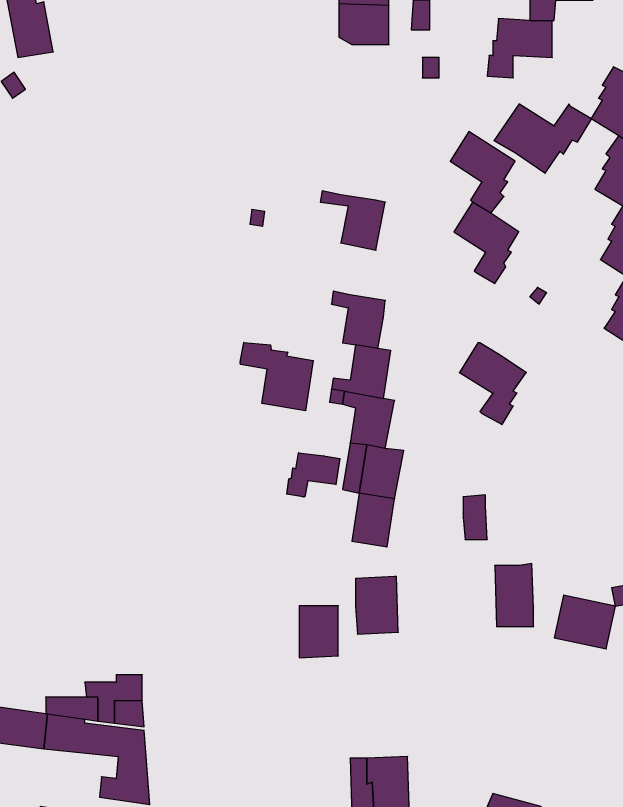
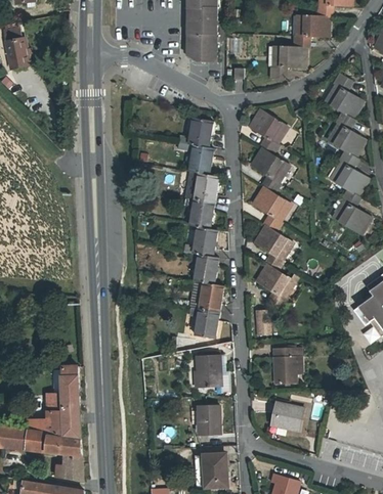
building: [494,104,591,173] -> none
building: none -> [179,118,213,147]
building: none -> [185,171,219,203]
building: none -> [253,187,290,232]
building: [240,342,313,411] -> none
building: none -> [257,265,293,310]
building: [287,453,340,497] -> none
building: none -> [48,364,80,413]
building: [554,595,615,649] -> [271,402,305,432]
building: [299,606,338,658] -> [199,406,220,435]

